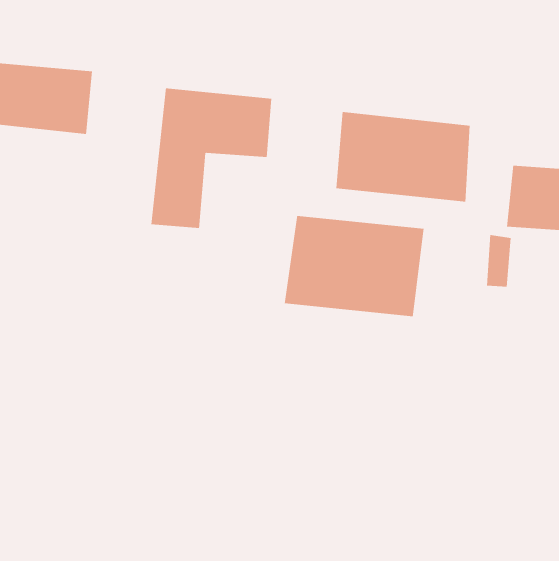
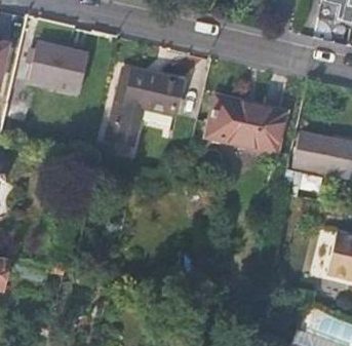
building: [284,215,424,317] -> none

